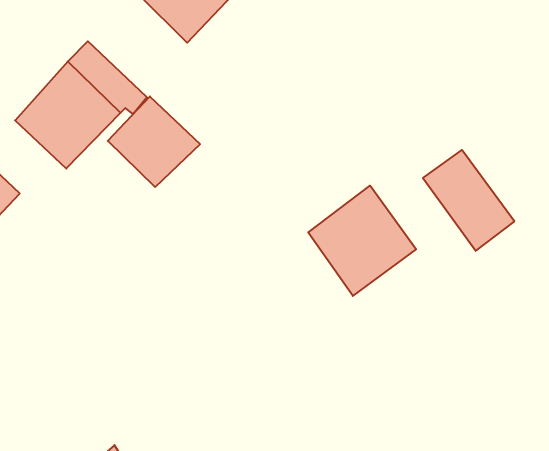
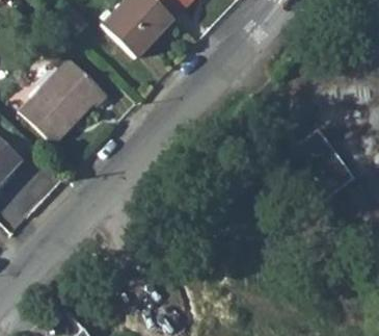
building: [108,96,200,187] -> none
building: [308,186,416,296] -> none

